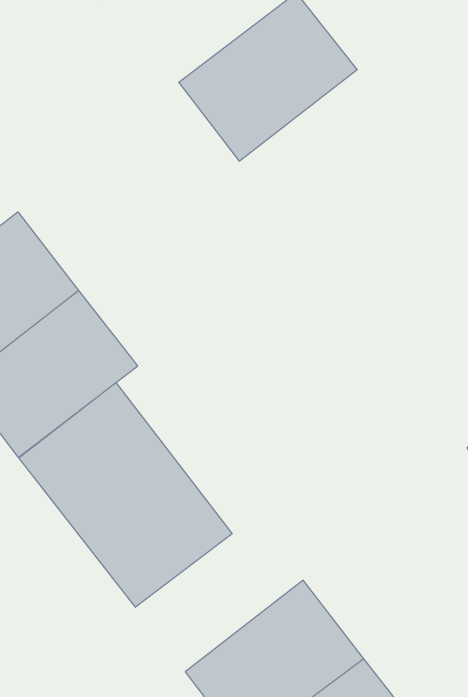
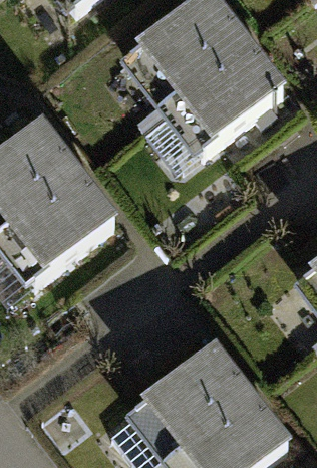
building: none -> [176,51,284,154]
building: [19,383,232,607] -> none

